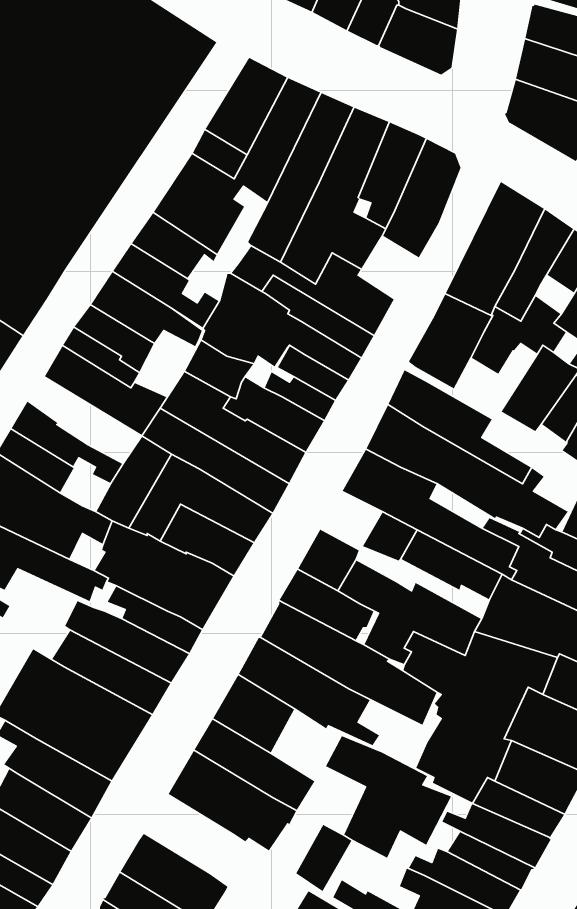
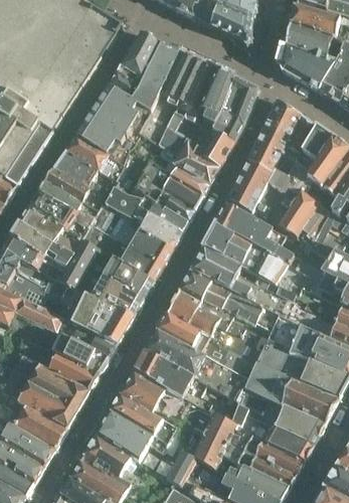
building: none -> [200,130,233,164]
building: none -> [20,206,82,254]
building: none -> [179,269,213,301]
building: none -> [83,434,139,485]

